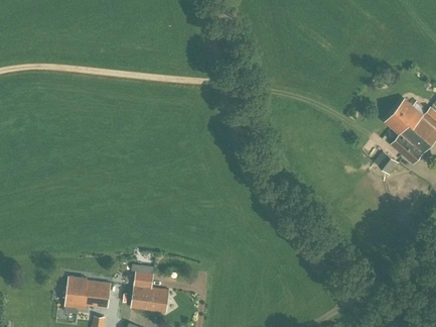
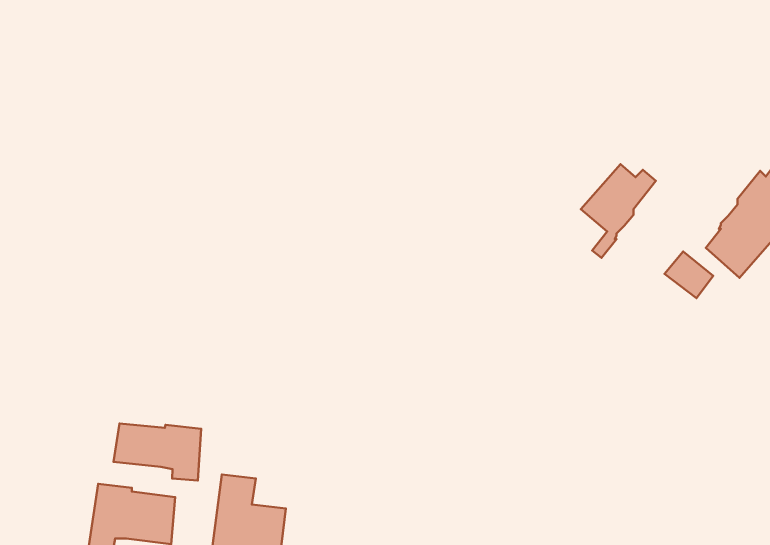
building: [385,98,425,148] -> [581,164,656,258]
building: none -> [114,423,201,480]

